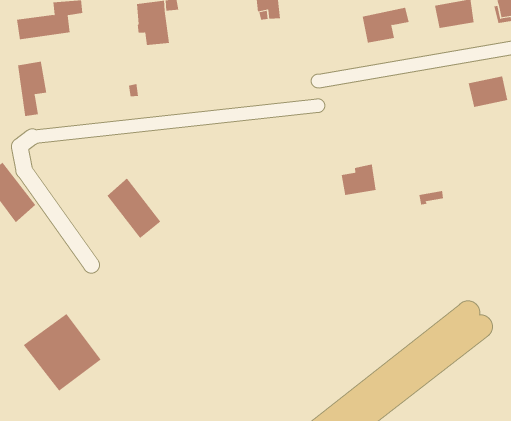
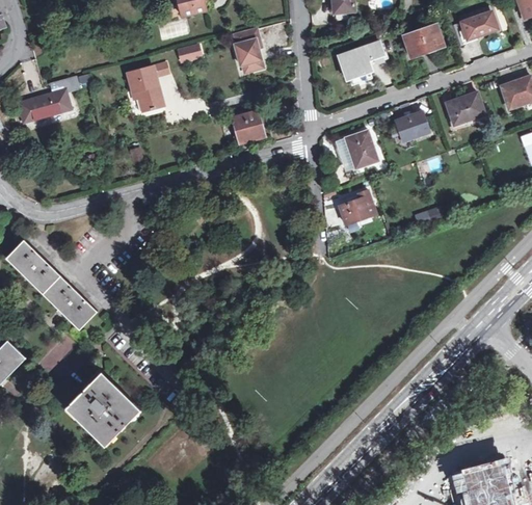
building: [17,61,47,117] -> none
building: none -> [233,110,265,143]
building: none -> [395,111,429,142]
building: none -> [344,131,377,170]
building: [107,178,161,239] -> [44,273,98,328]

